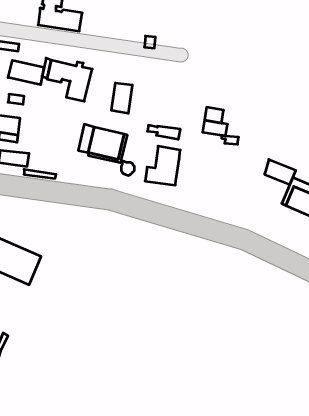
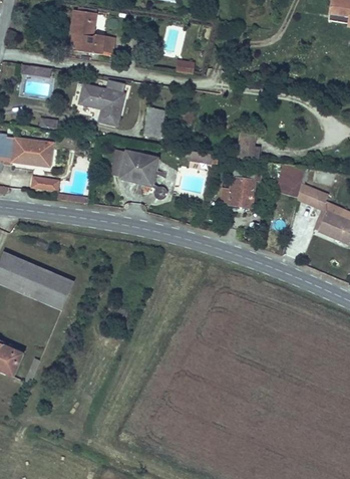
building: [8,60,44,85] -> none
building: none -> [277,164,305,198]
building: [145,146,180,185] -> [221,168,256,207]

